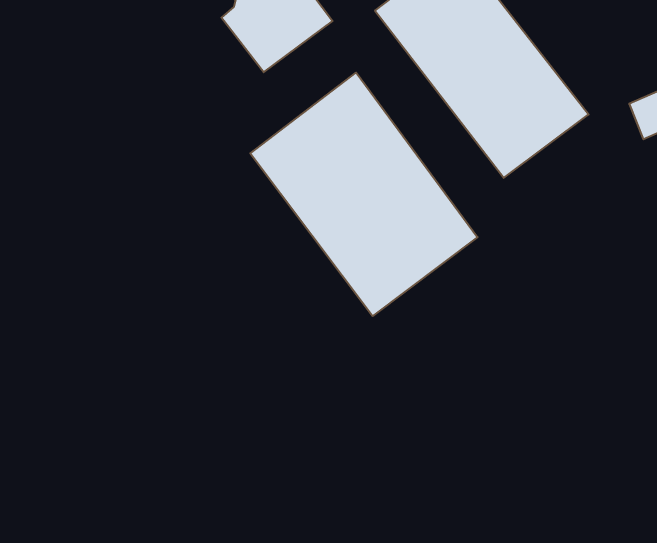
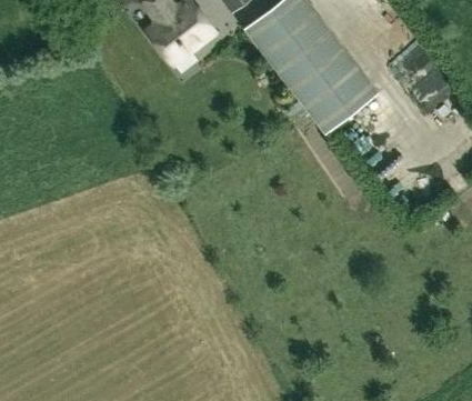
building: [250,73,478,316] -> none

